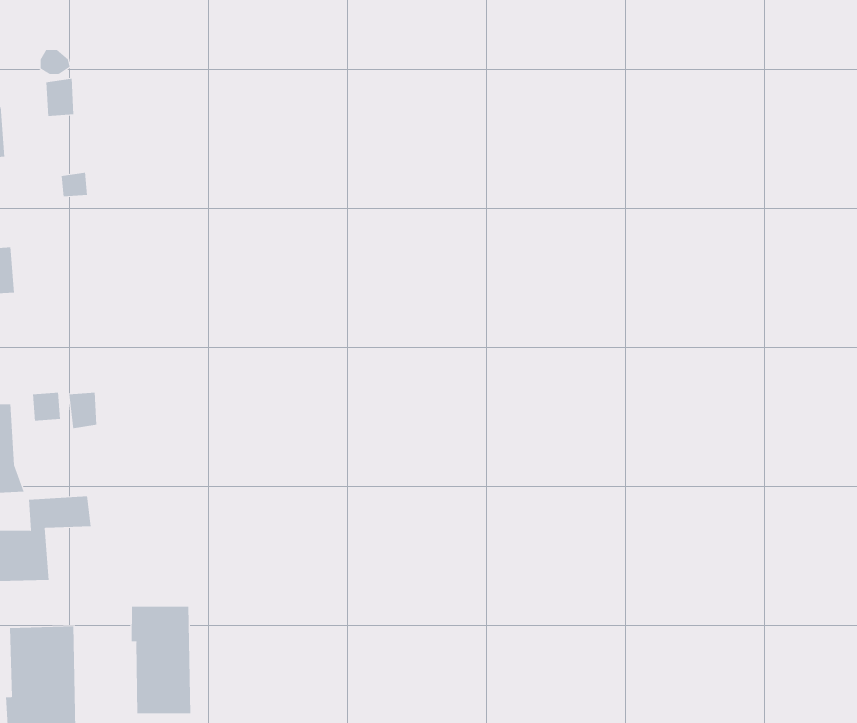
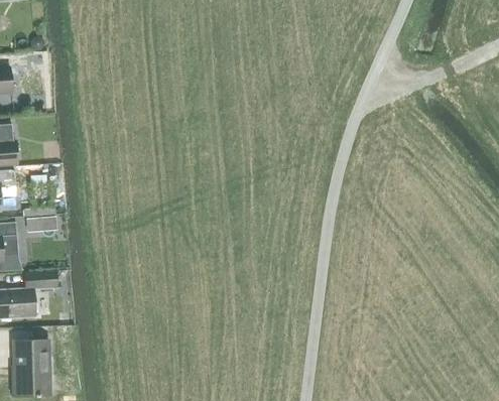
building: [131,606,191,714] -> none

